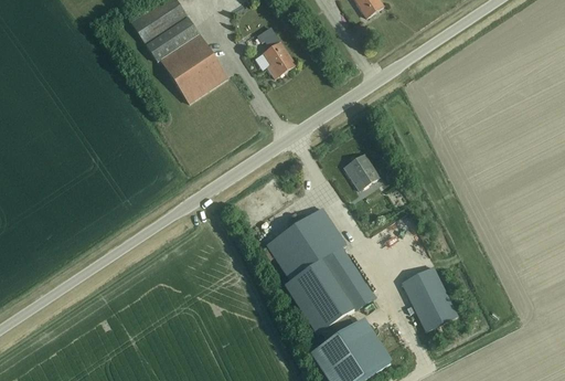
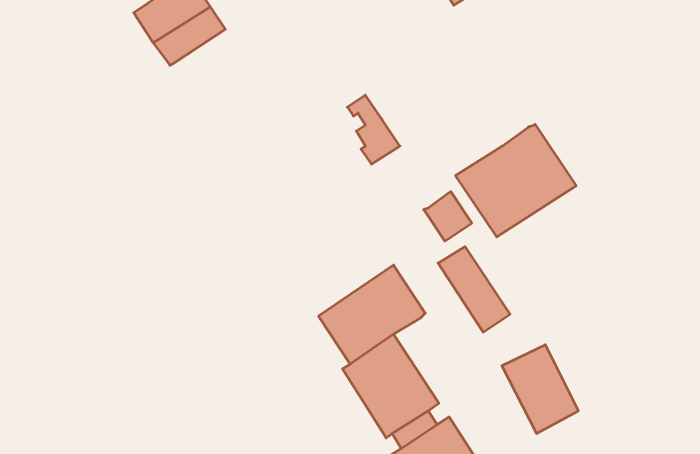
building: [256,27,295,77] -> [347,95,400,164]
building: [159,34,226,103] -> none
building: none -> [456,124,576,237]
building: [321,246,374,309] -> [438,247,510,332]

